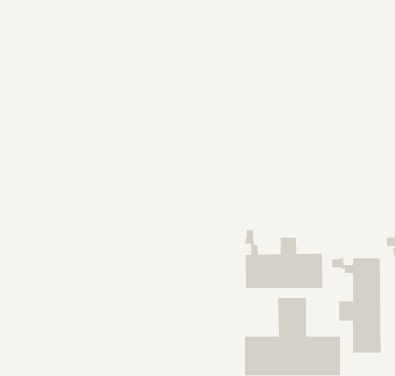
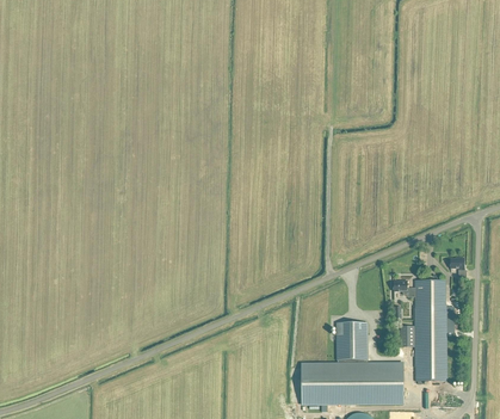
building: [245,229,323,289] -> none

